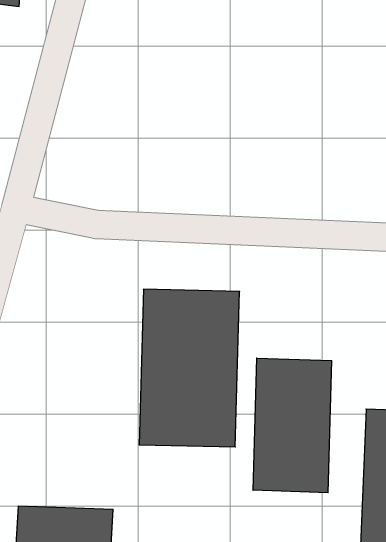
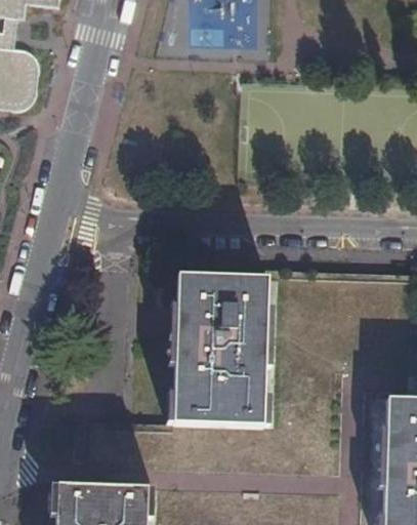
building: [253,358,332,493] -> none

